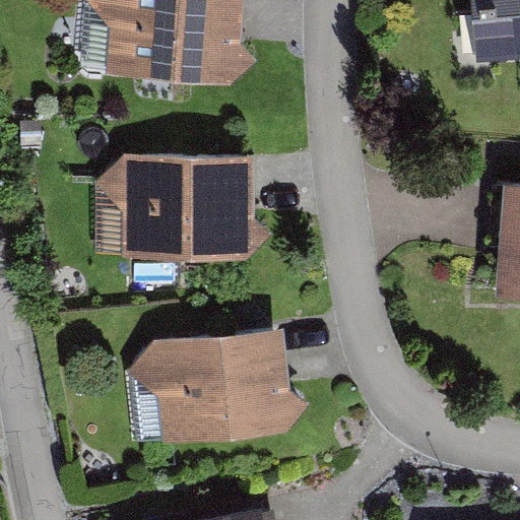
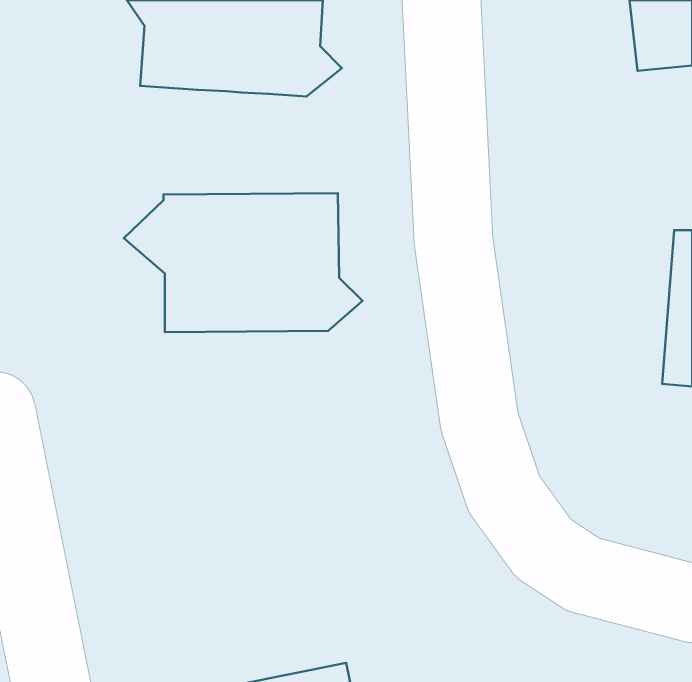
building: [125,328,307,444] -> none

